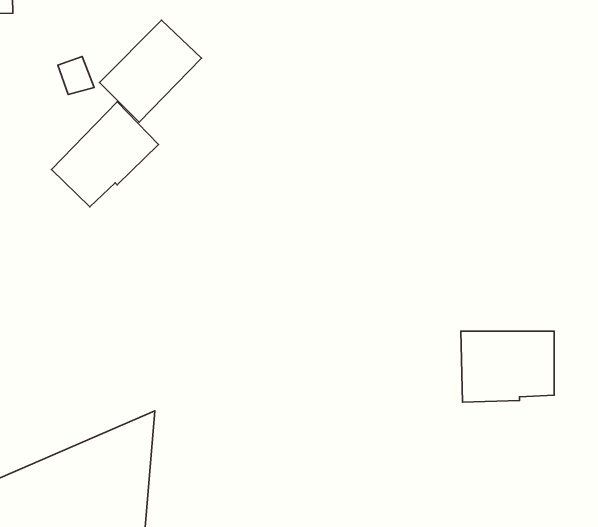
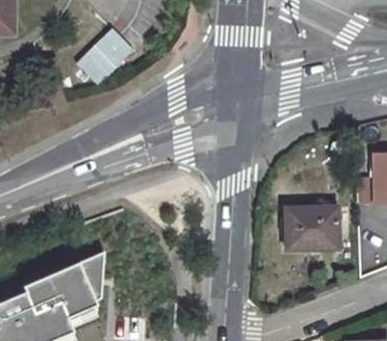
building: [51,102,159,207] -> none

